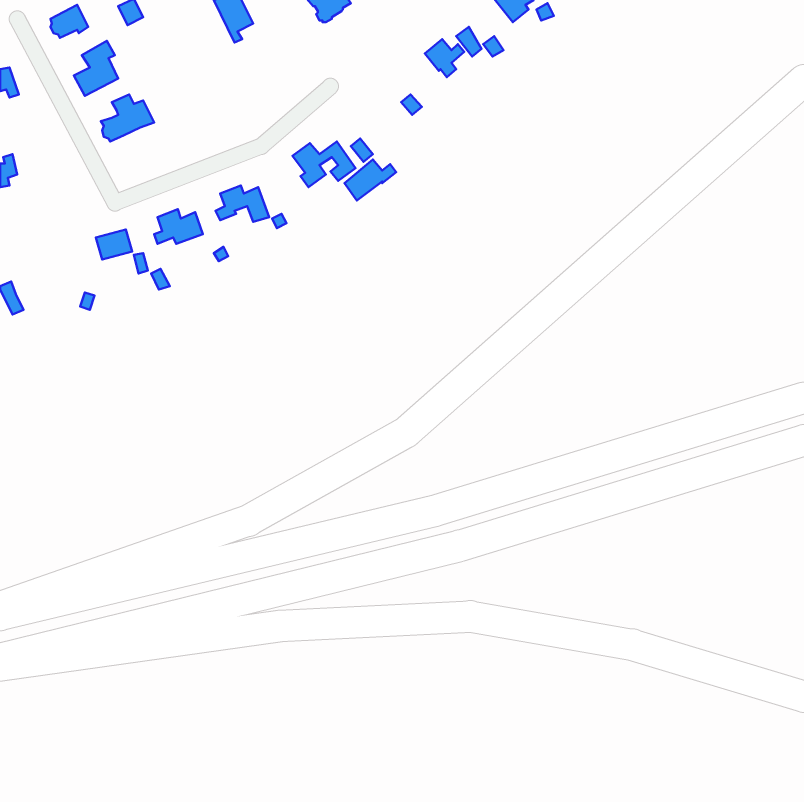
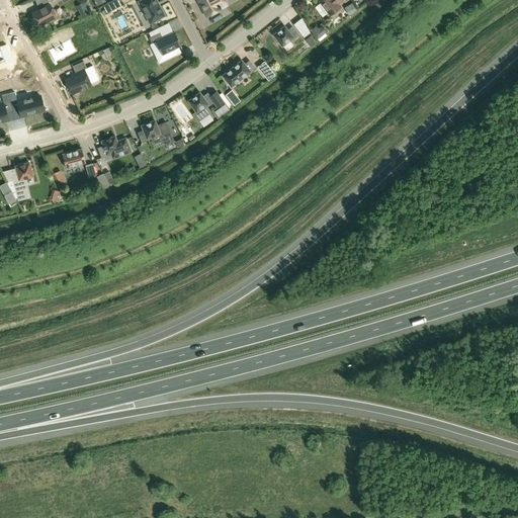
building: none -> [149,31,180,53]
building: none -> [9,95,45,116]
building: [344,159,396,200] -> [223,60,256,86]
building: none -> [12,162,32,198]

